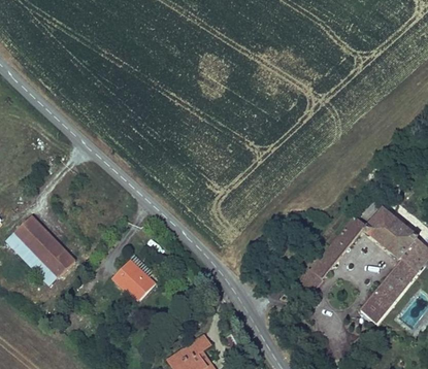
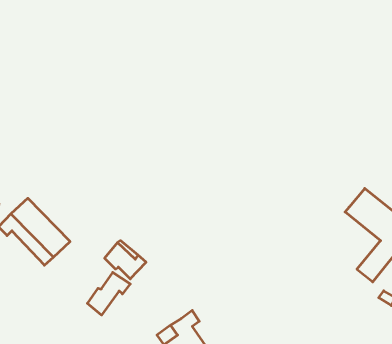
building: [296,214,367,293] -> none
building: [360,289,392,322] -> none
building: none -> [87,272,130,315]

